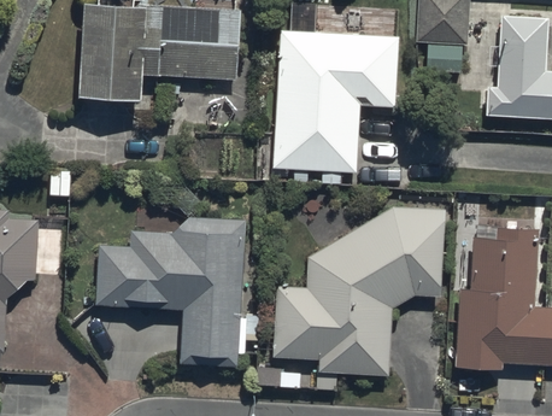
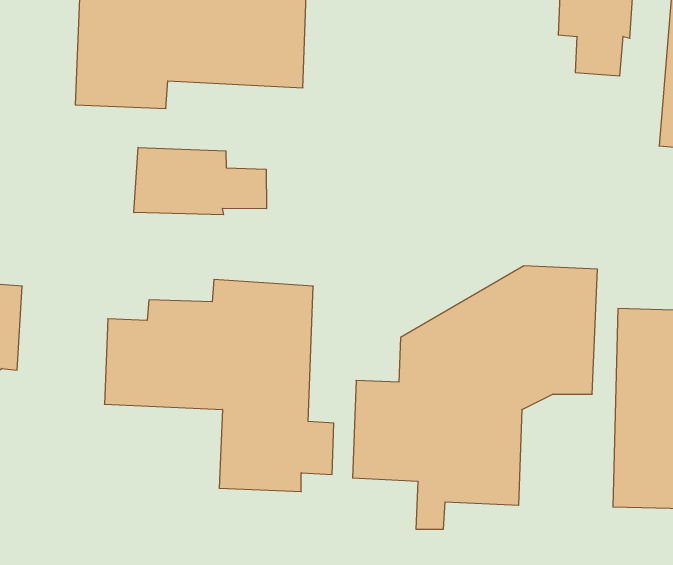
building: [275,37,400,180] -> none
building: none -> [134,147,266,215]

